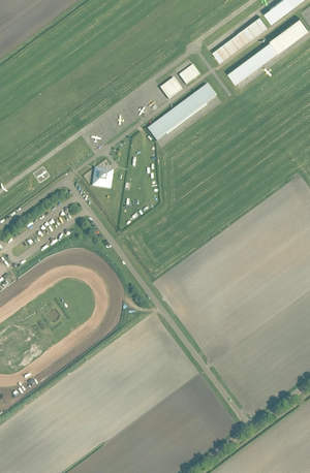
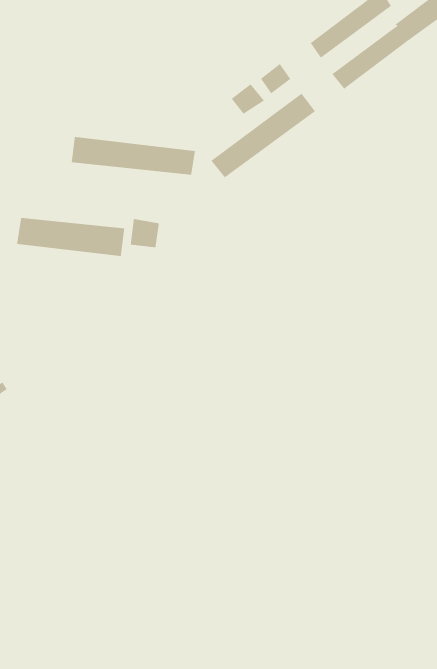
building: none -> [71,136,195,176]
building: none -> [17,217,125,257]

